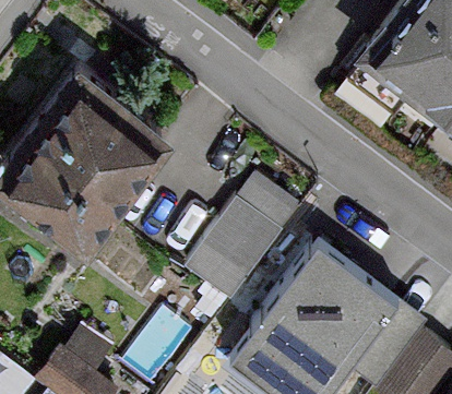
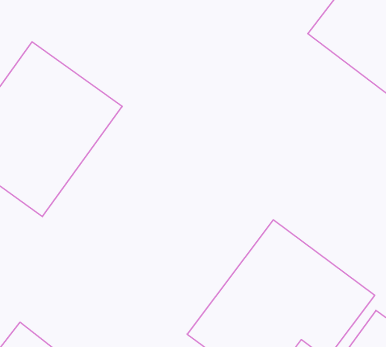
building: [186,182,295,306] -> none

